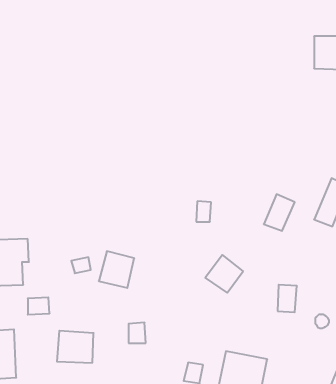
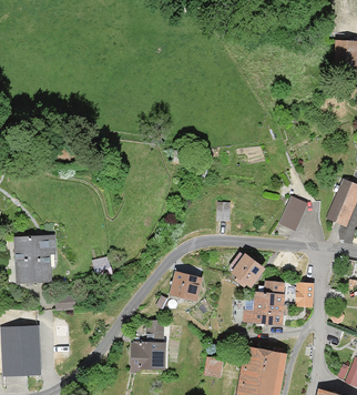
building: [99,251,134,288] -> [166,270,201,305]
building: none -> [243,291,283,324]
building: [57,331,94,363] -> [128,341,163,372]

